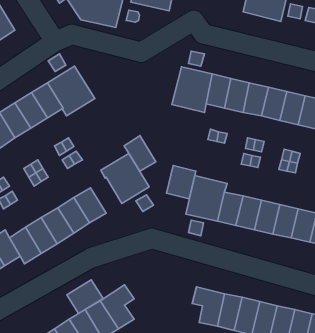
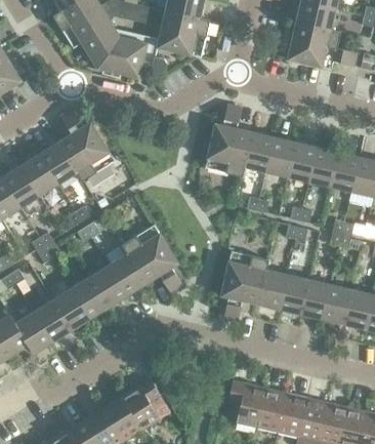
building: [124,135,156,171] -> [109,252,145,294]
building: [166,166,196,199] -> none
building: [67,280,103,313] -> none

